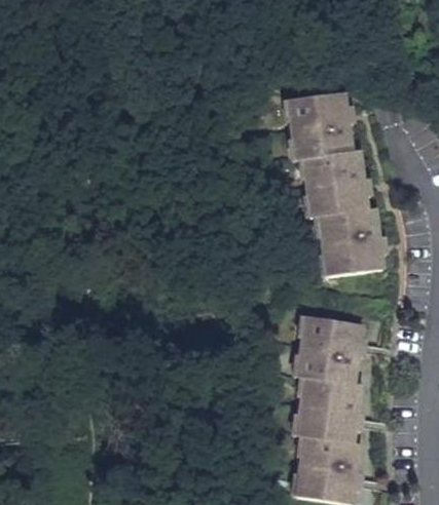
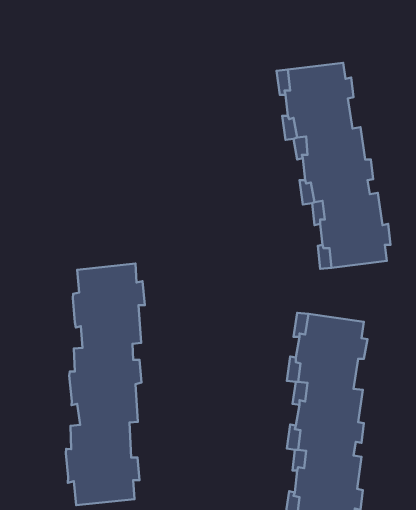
building: none -> [66,264,145,505]

